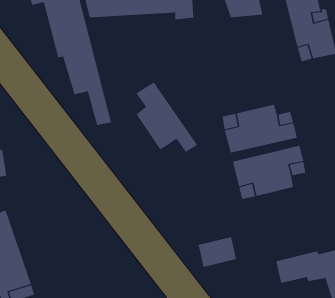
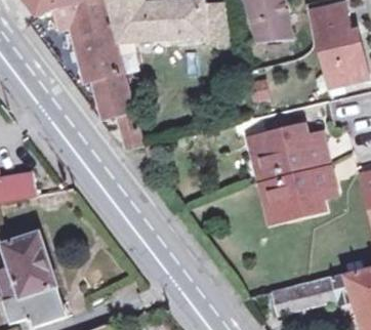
building: [136,82,198,153] -> none
building: [198,237,237,267] -> [270,283,308,314]

